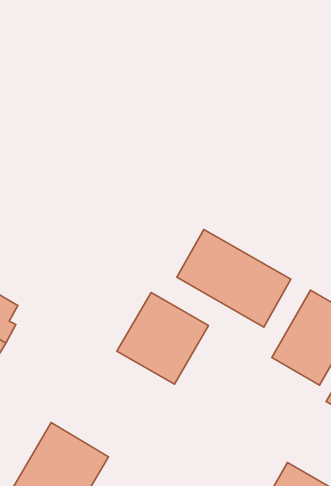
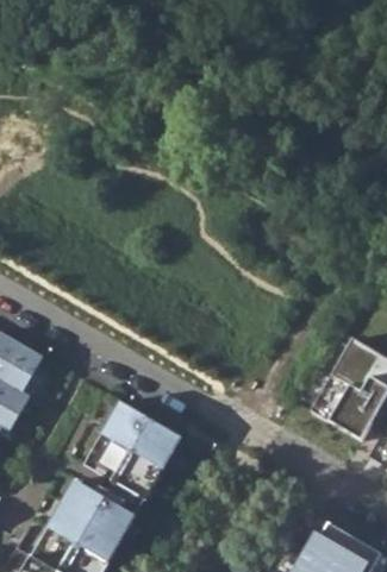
building: [177,229,291,327] -> none
building: [117,293,209,384] -> [82,400,181,498]

